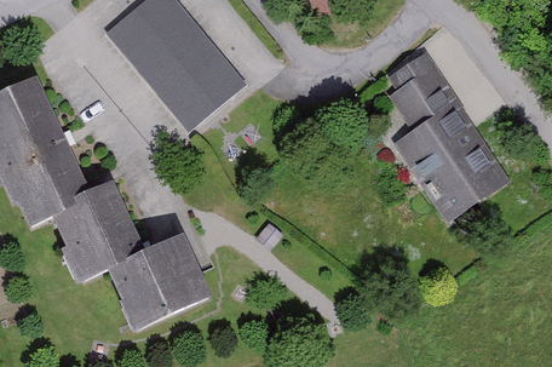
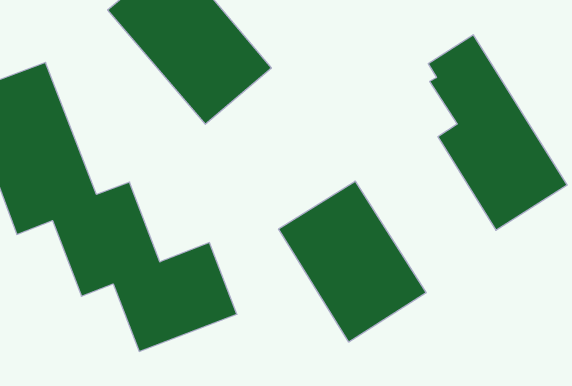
building: none -> [279,181,426,342]

